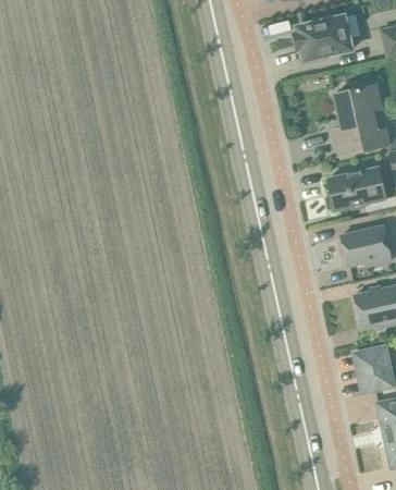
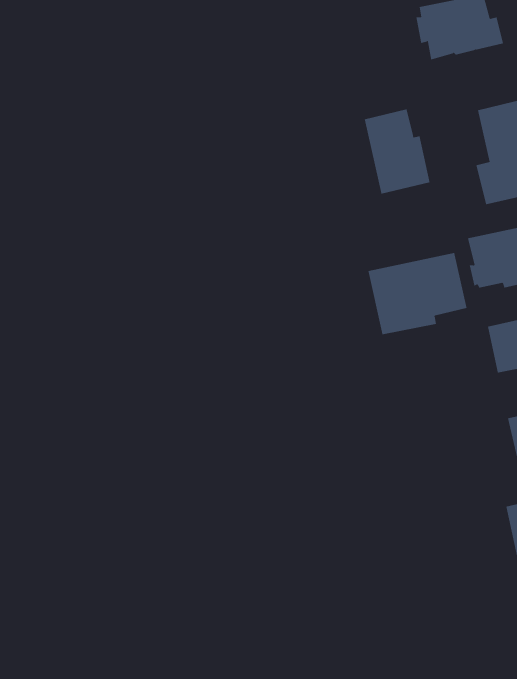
building: none -> [364,109,430,194]
building: none -> [368,252,467,335]

